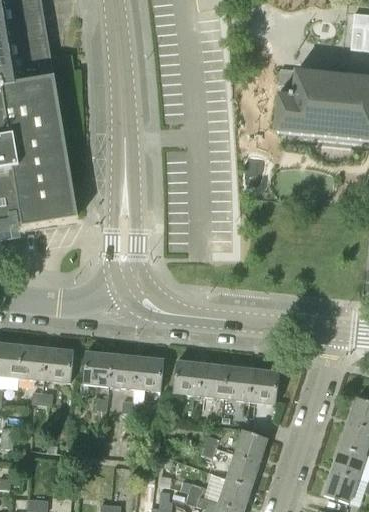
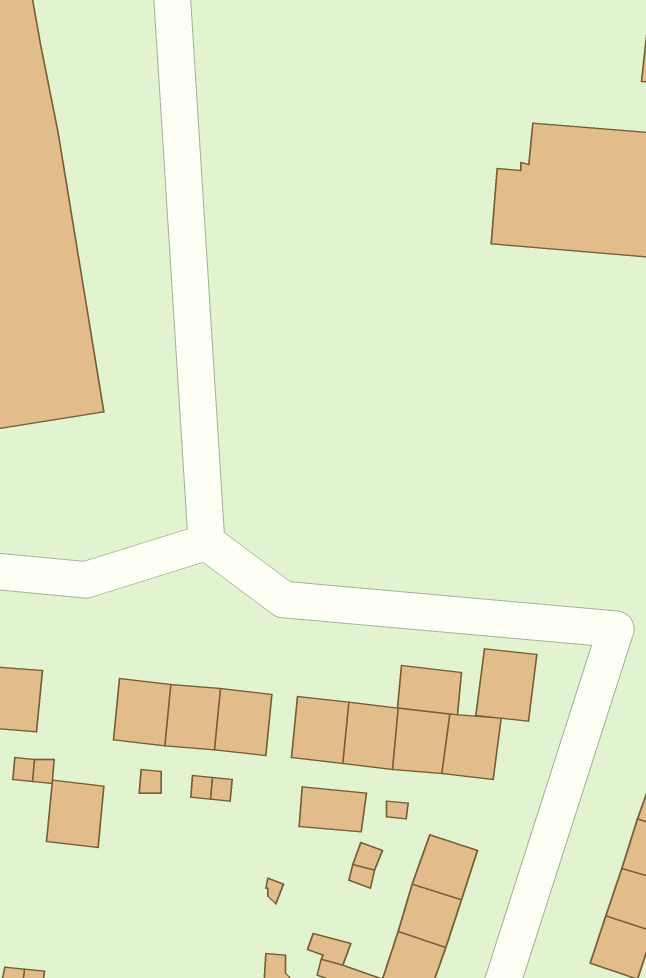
building: none -> [476,649,537,721]
building: none -> [398,665,461,715]
building: [44,348,73,382] -> [47,780,104,847]
building: none -> [299,787,367,832]

